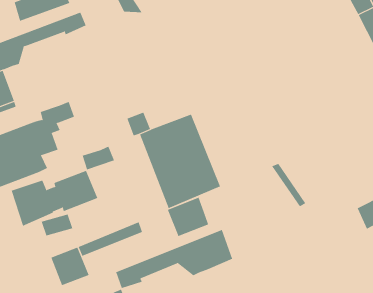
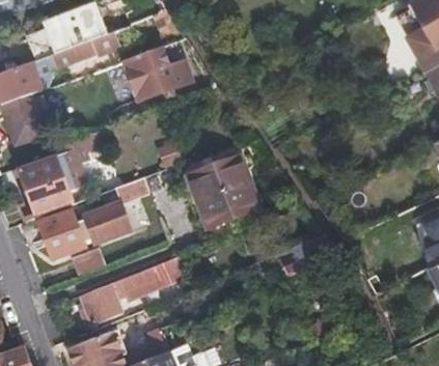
building: none -> [122,48,190,102]
building: [167,197,209,237] -> none
building: [116,229,233,289] -> none

